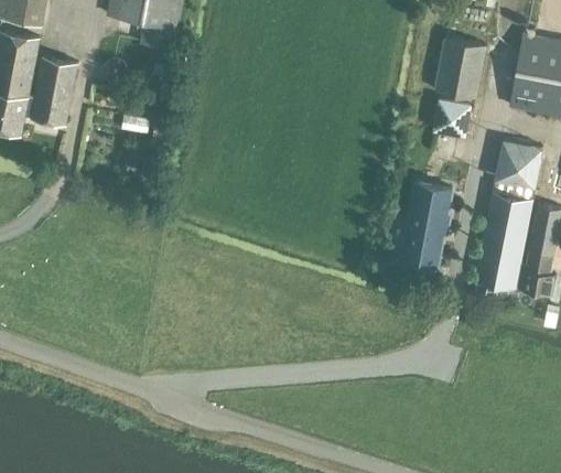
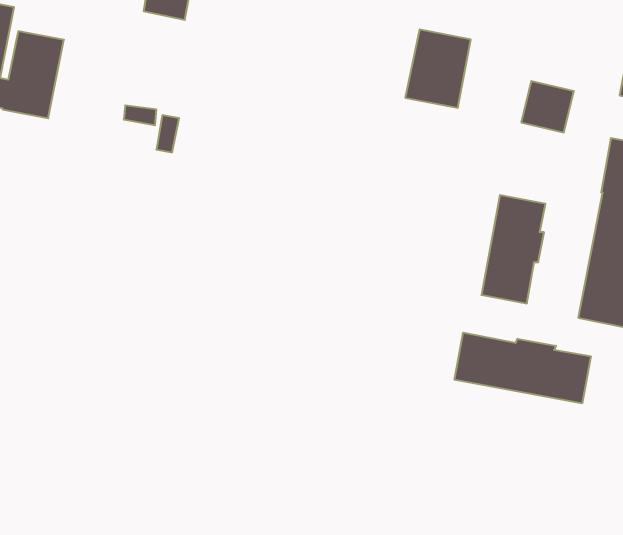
building: [434,39,485,99] -> [405,29,471,108]
building: none -> [454,333,591,403]

